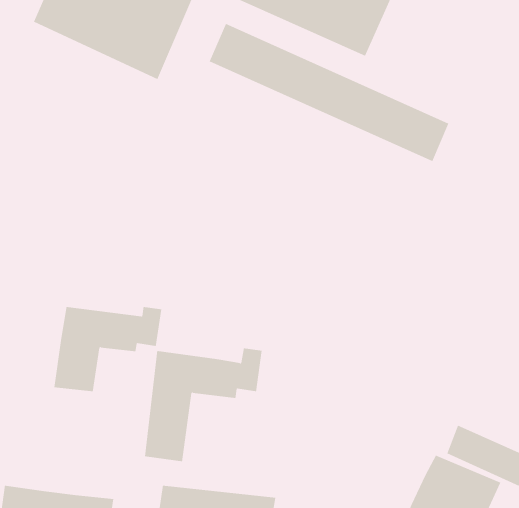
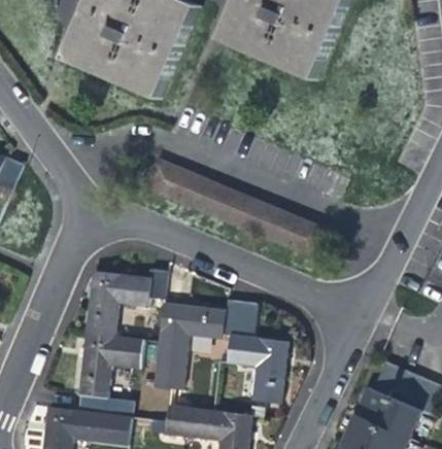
building: [209,23,449,162] -> [147,161,328,265]
building: none -> [234,304,295,403]
building: none -> [76,332,142,415]

